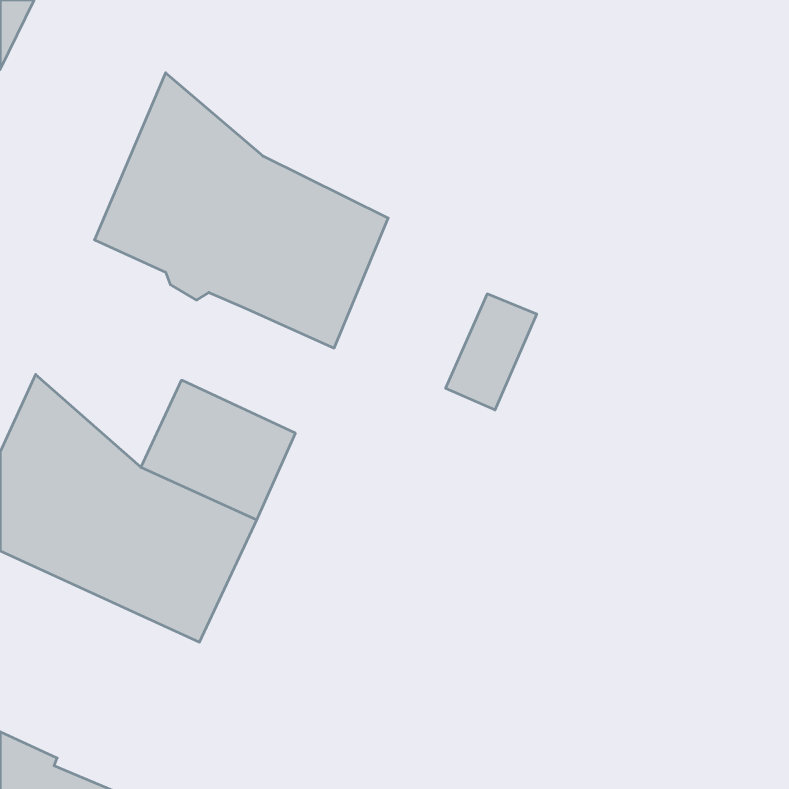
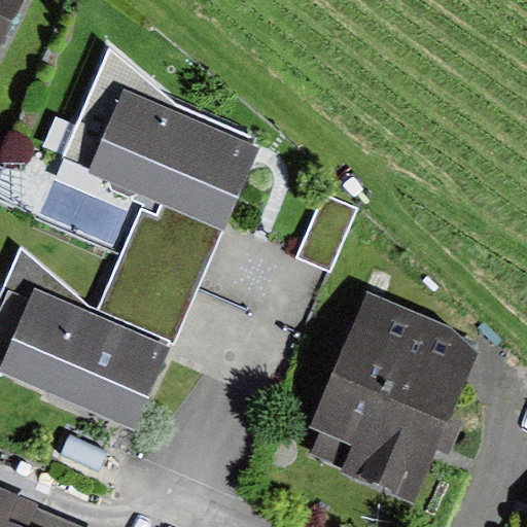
building: none -> [122,206,223,289]
building: none -> [302,298,464,485]

